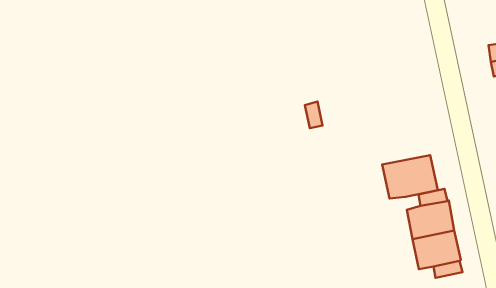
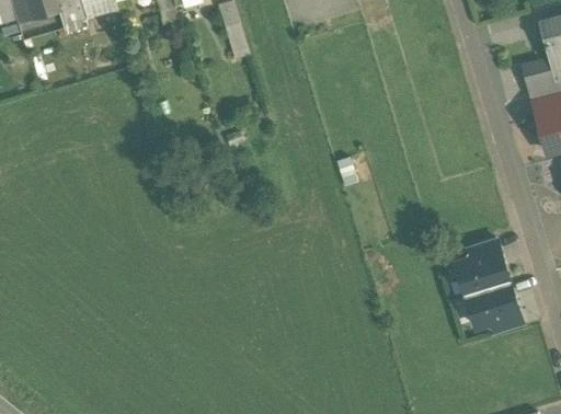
building: [382,155,438,199] -> none

